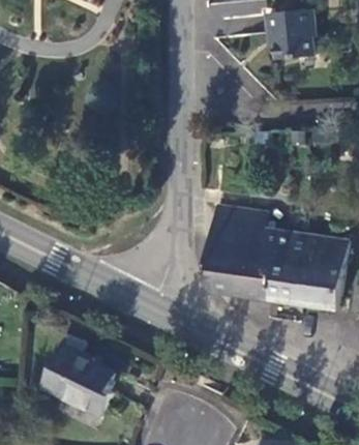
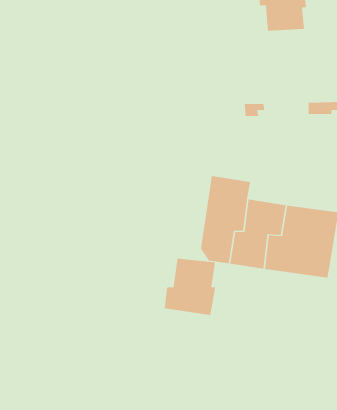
building: none -> [164,258,216,316]
building: [44,344,117,418] -> none

